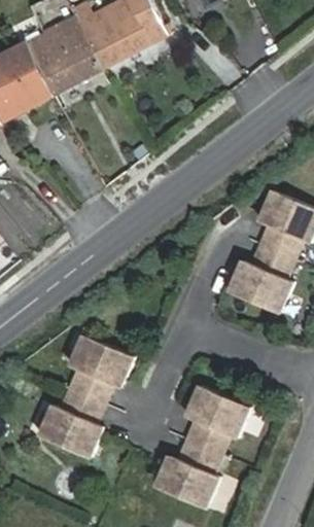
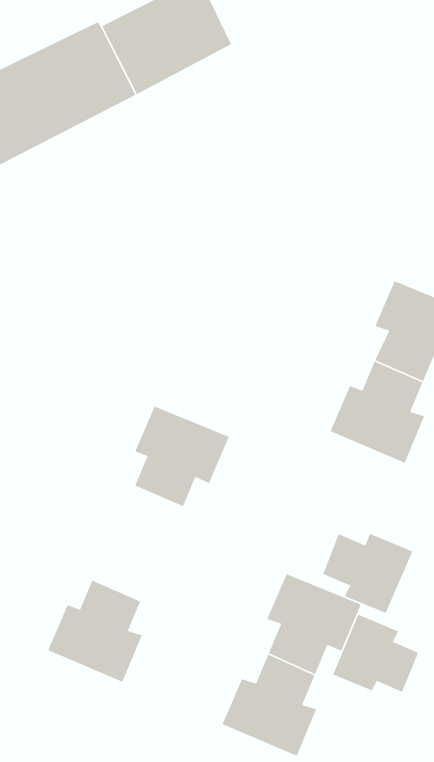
building: [70,338,134,406] -> [134,405,230,507]
building: none -> [322,533,413,614]
building: none -> [332,614,419,693]

